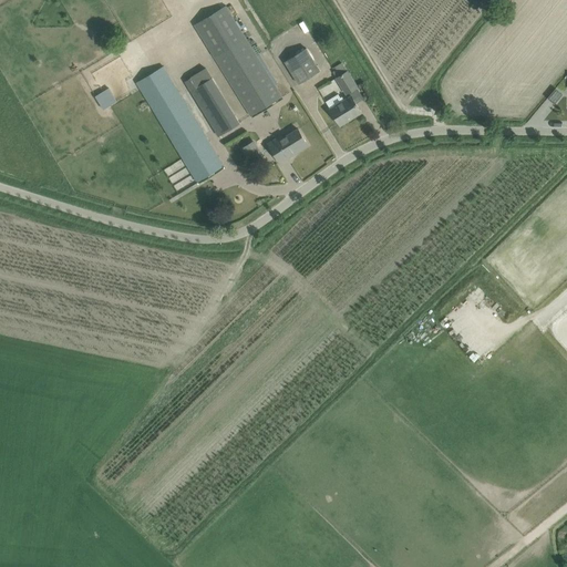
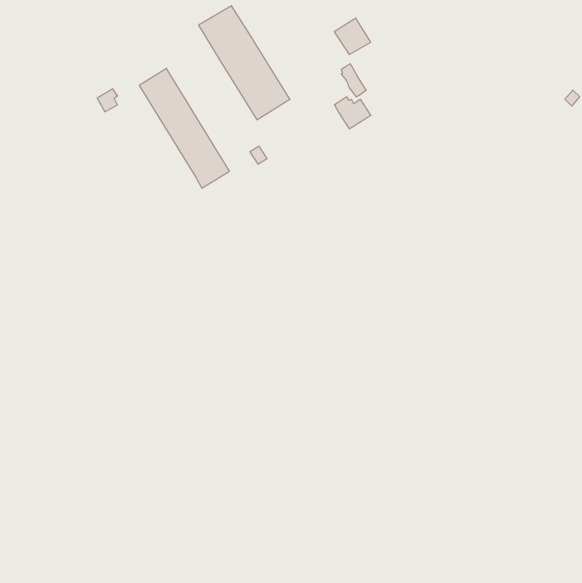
building: [284,48,319,83] -> [334,18,371,55]
building: [183,68,238,136] -> none
building: [267,130,307,163] -> none

